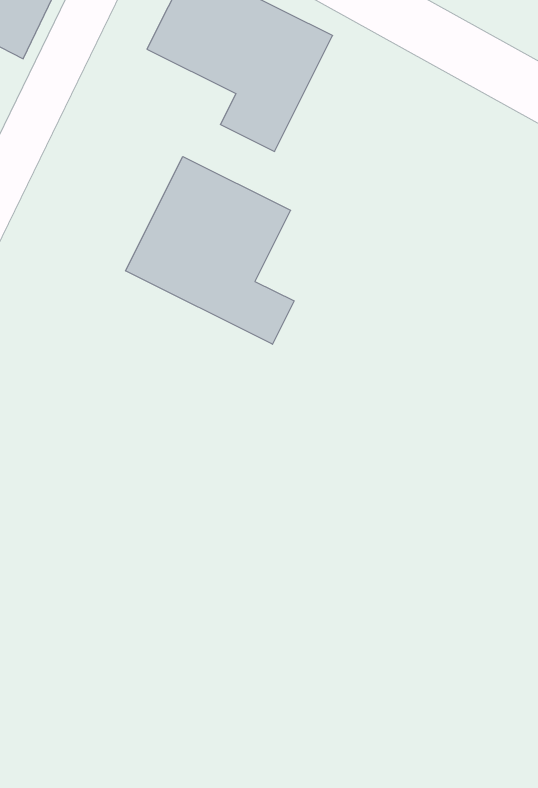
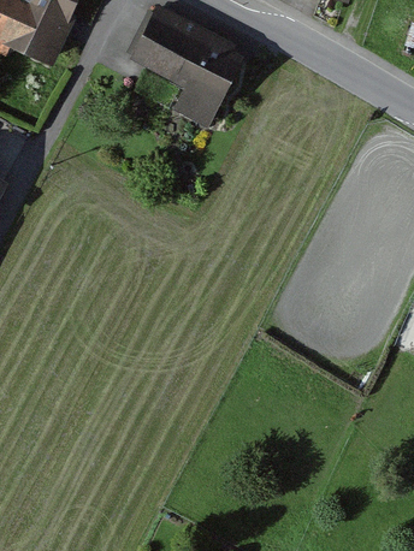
building: [126,157,294,344] -> none

